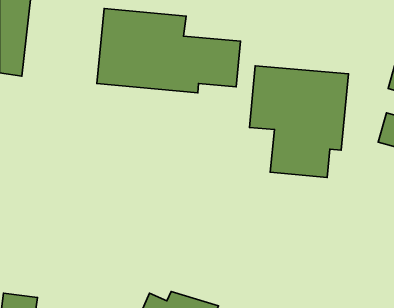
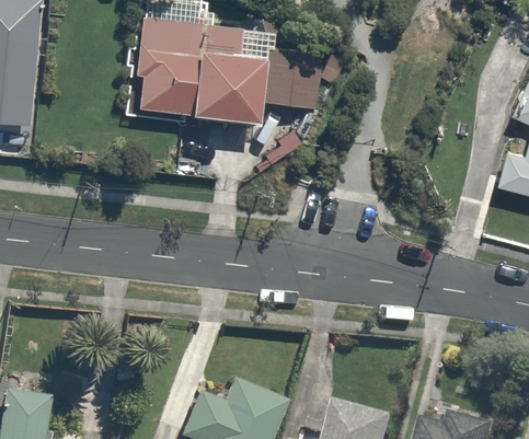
building: [249,66,348,178] -> none

